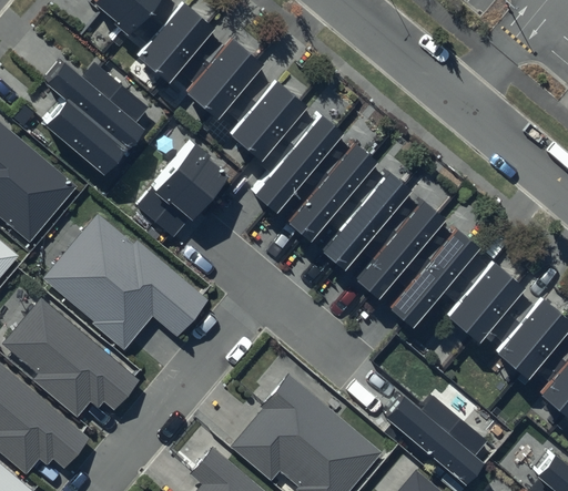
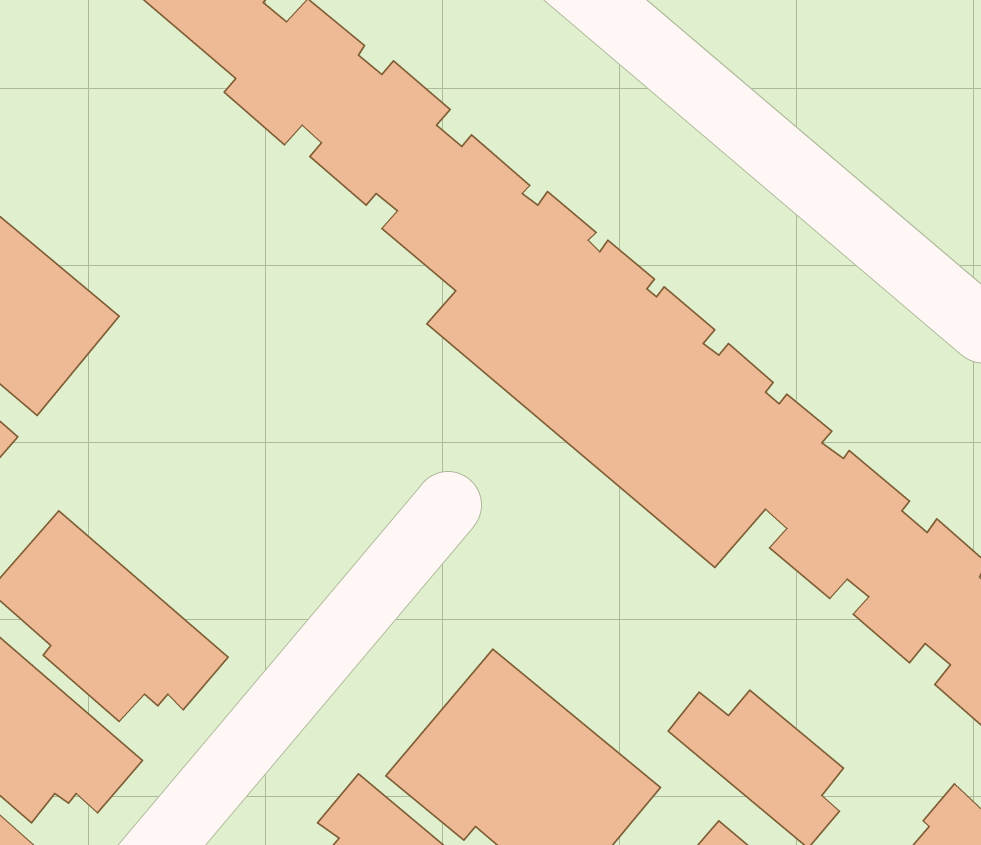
building: [39,60,149,180] -> none
building: [135,142,229,239] -> none
building: [40,211,207,349] -> none

